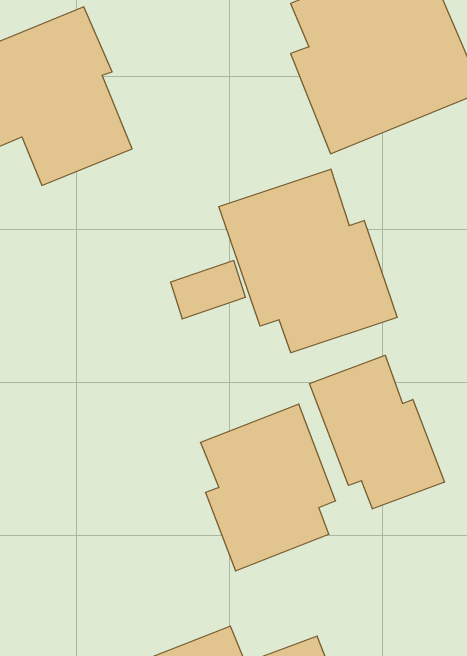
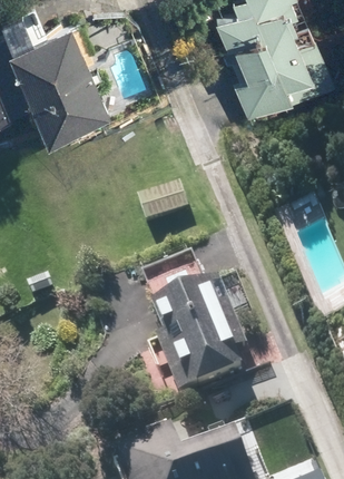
building: [219,169,397,353] -> none
building: [309,355,444,509] -> none

